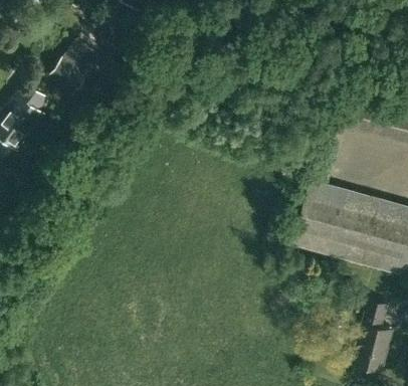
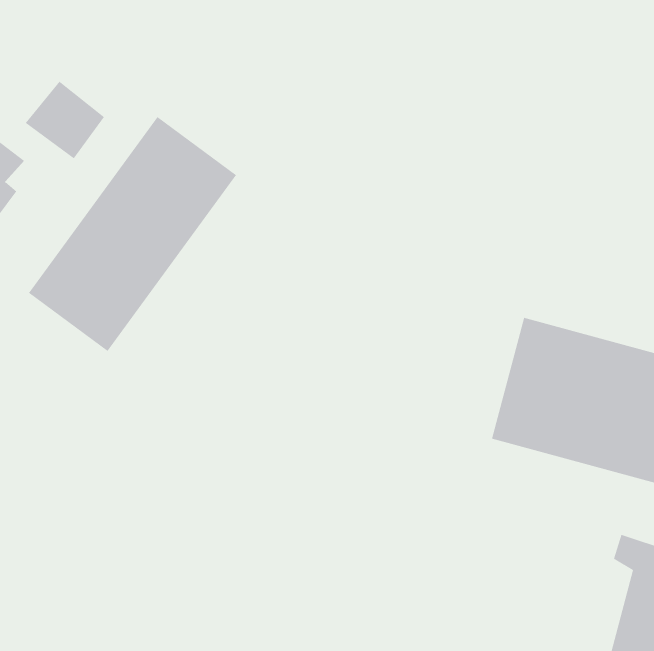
building: none -> [28,116,237,352]

